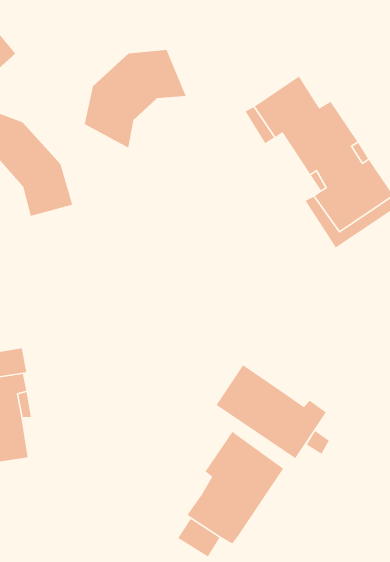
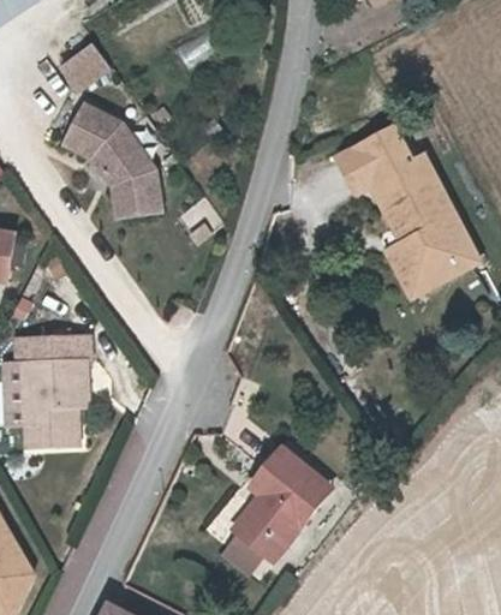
building: [84,49,187,149] -> none
building: [215,364,327,459] -> none

